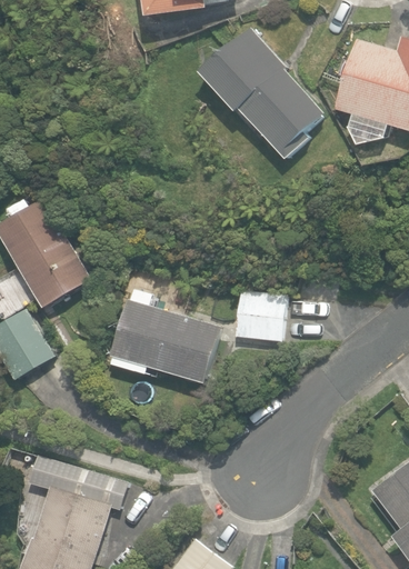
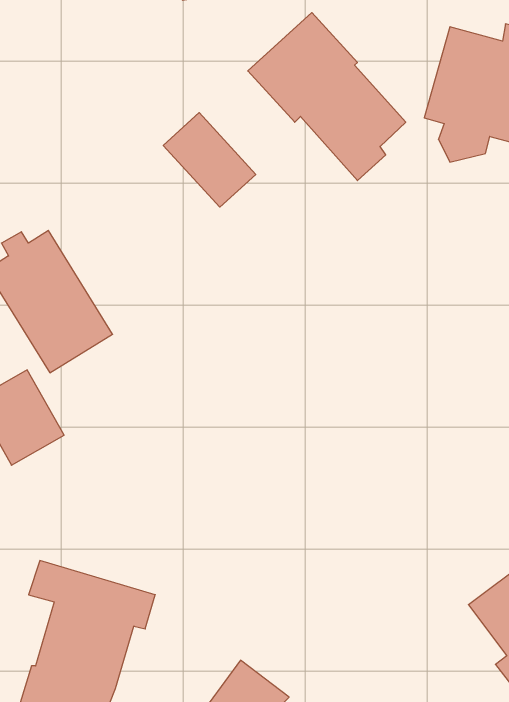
building: none -> [163,113,256,207]
building: [107,289,220,382] -> none
building: [233,289,286,341] -> none

